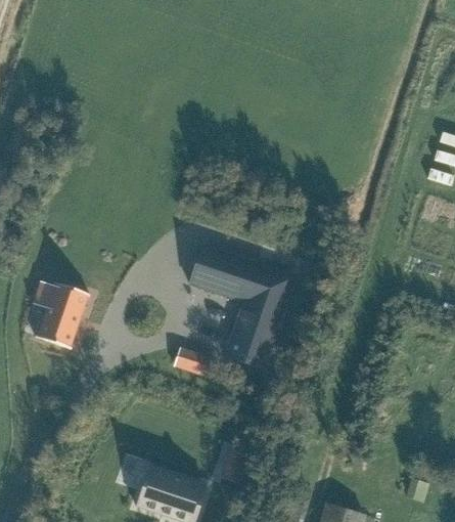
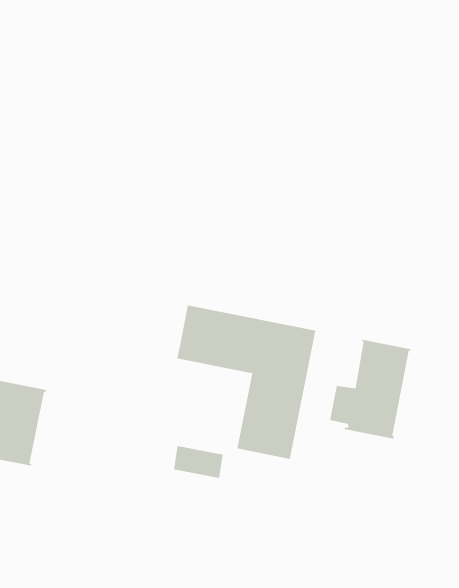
building: none -> [329,339,412,440]

